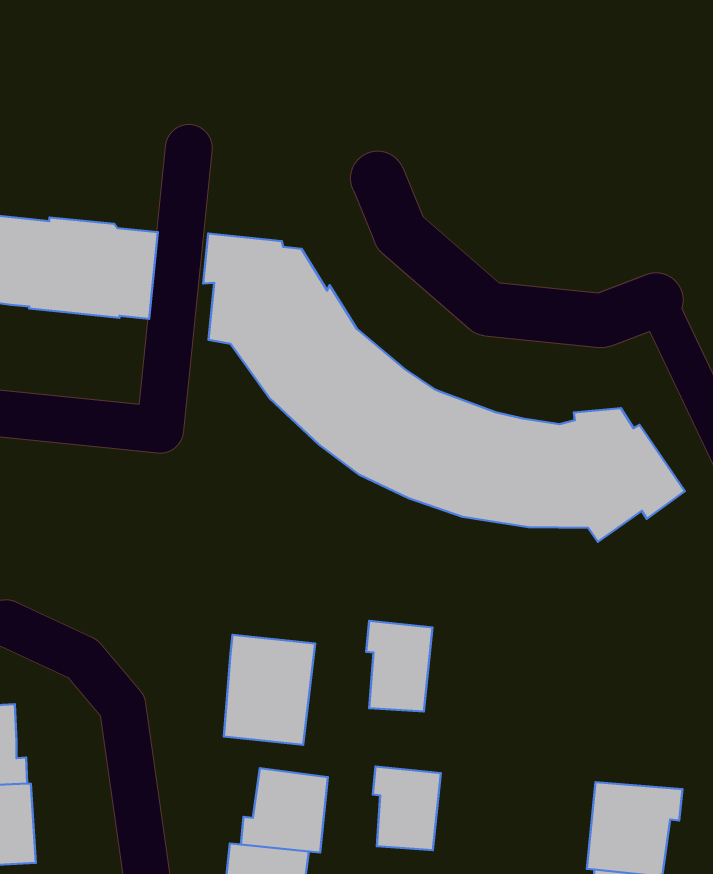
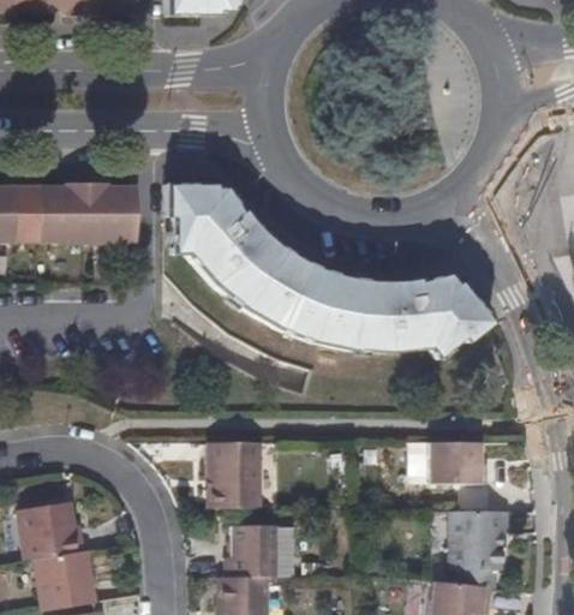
building: [366,621,432,712] -> none
building: none -> [429,442,489,482]
building: [373,766,441,850] -> none

